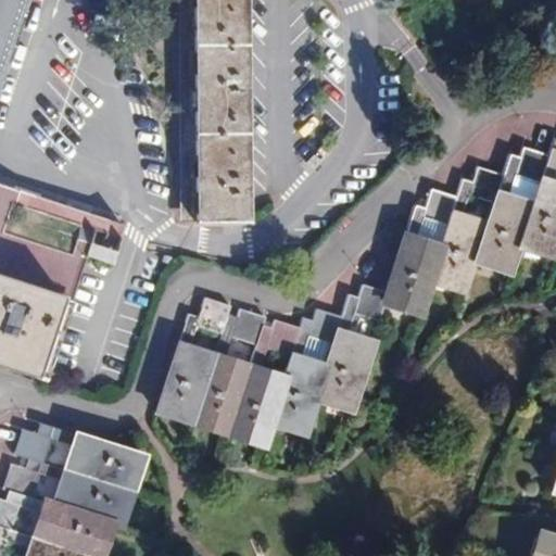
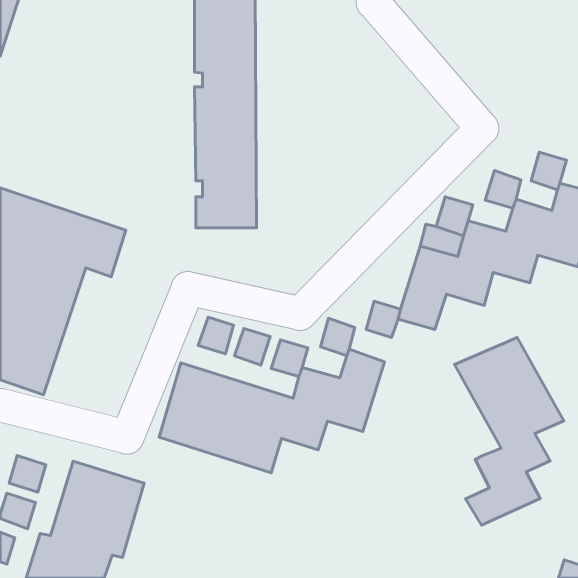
building: none -> [455,337,564,525]

